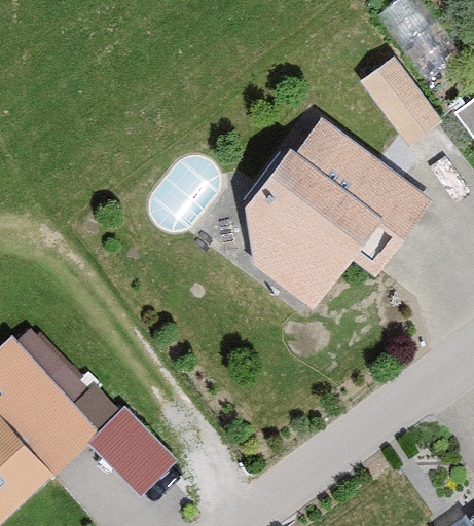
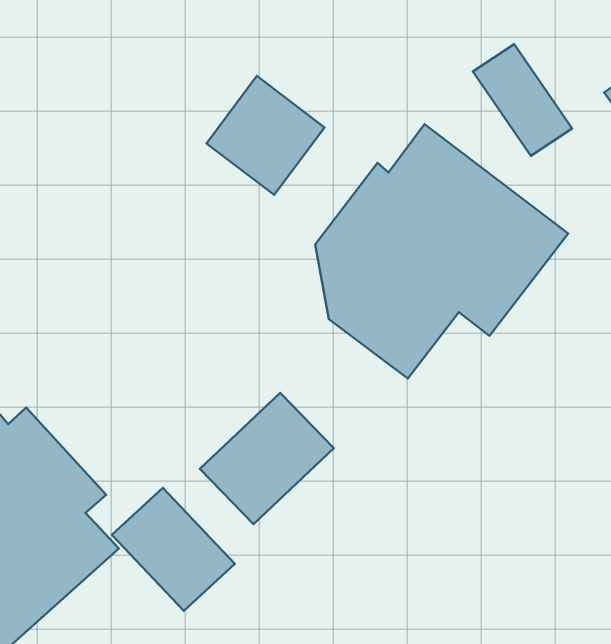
building: none -> [206,76,325,195]
building: none -> [200,393,334,524]

